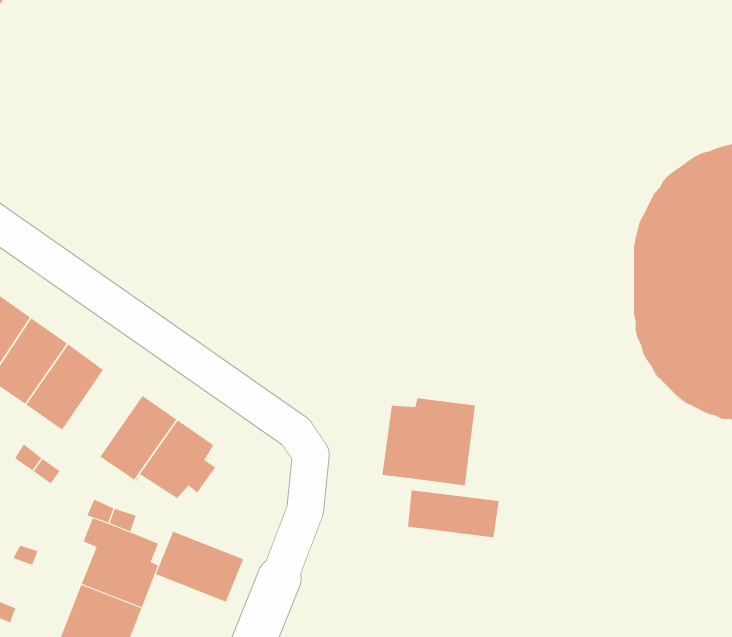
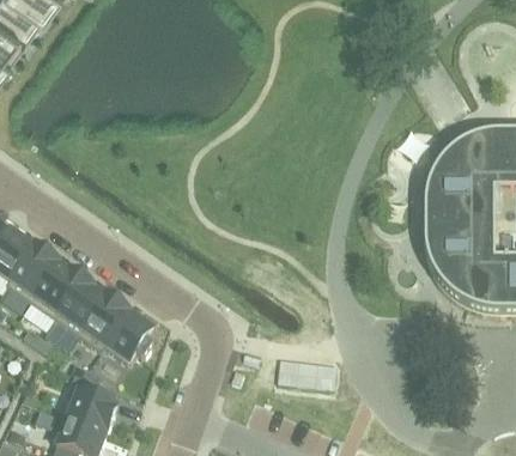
building: none -> [56,273,108,332]
building: [382,397,475,486] -> none
building: [155,531,244,602] -> none

